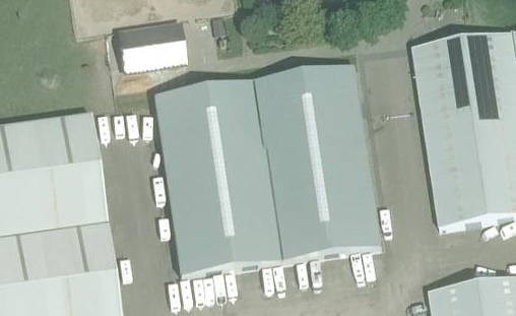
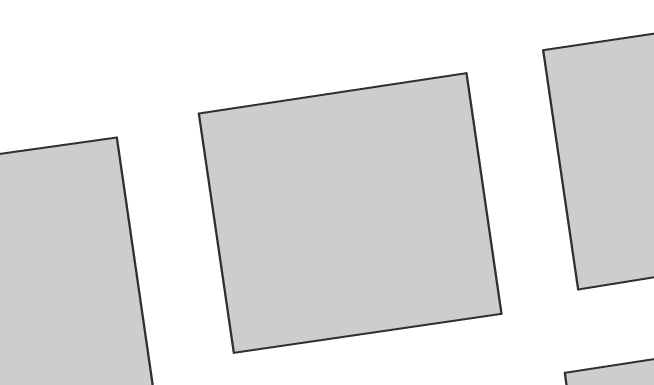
building: [119,22,185,68] -> none

